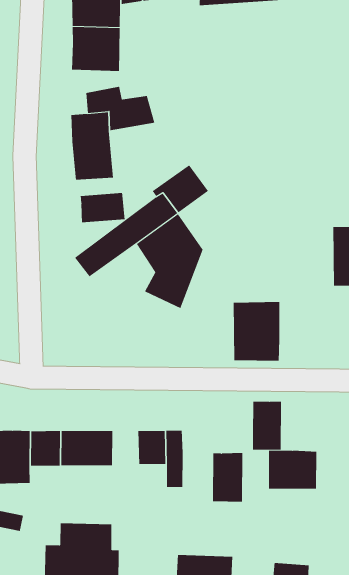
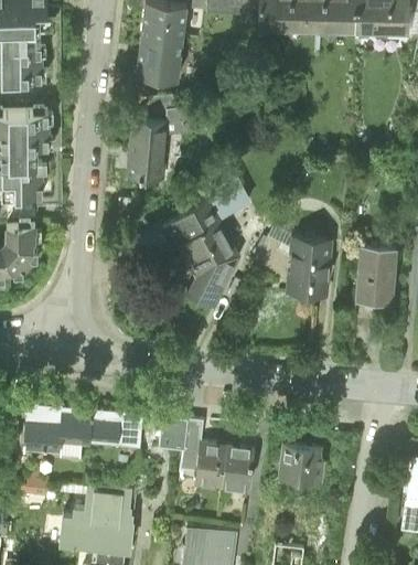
building: [80,192,125,223] -> none
building: [233,302,280,361] -> [283,239,331,297]
building: [252,401,282,450] -> [199,439,229,486]

